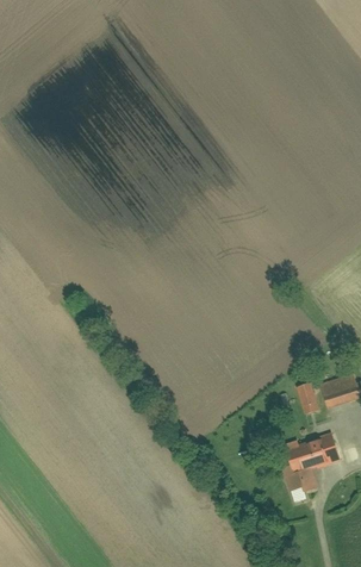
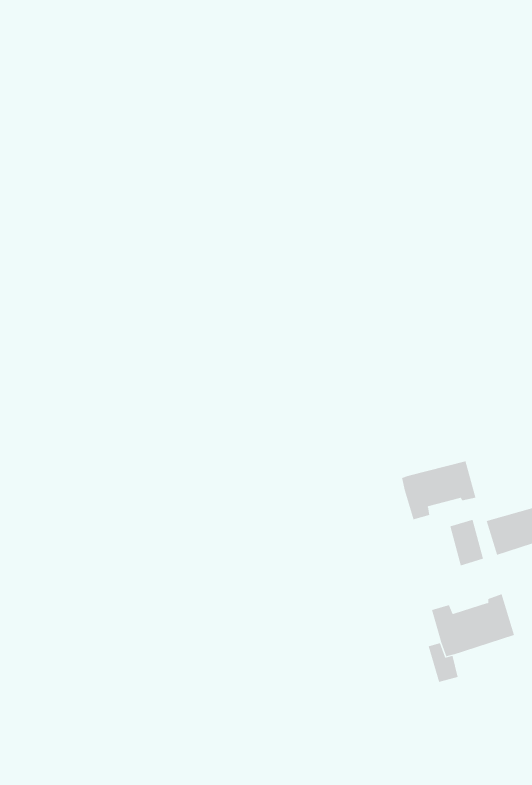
building: none -> [402,461,476,520]

